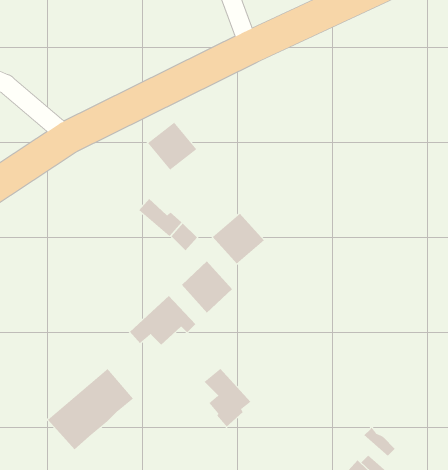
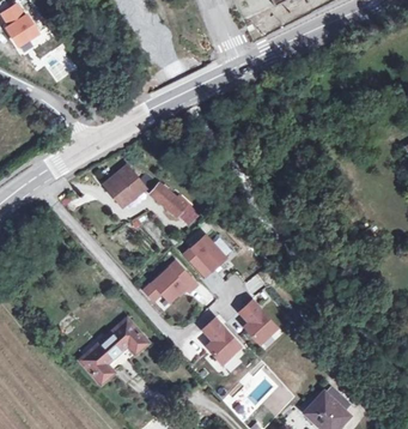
building: [147,122,197,170] -> [103,168,142,206]
building: [212,213,265,264] -> none
building: none -> [239,301,276,344]

